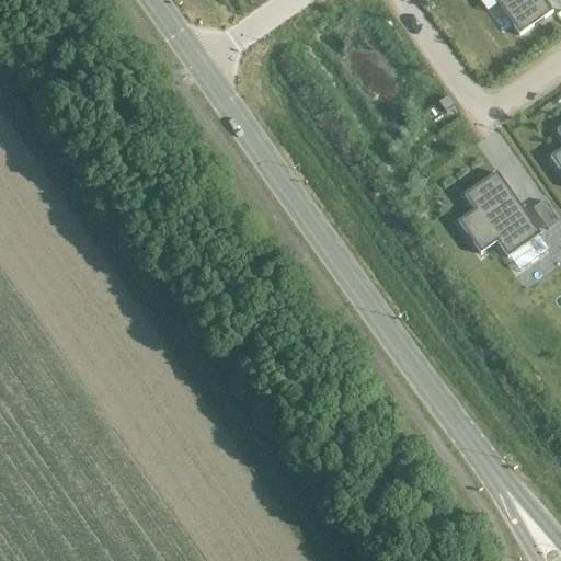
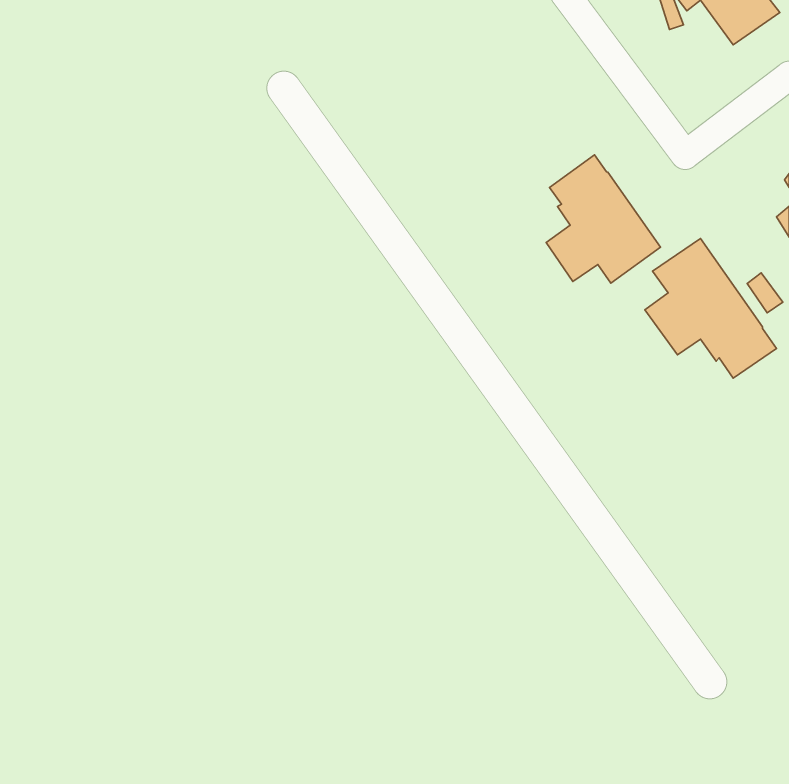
building: none -> [546,155,661,283]

